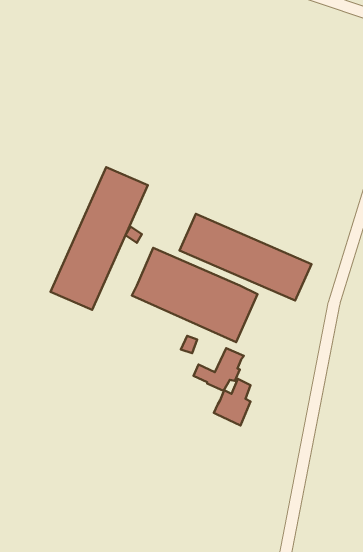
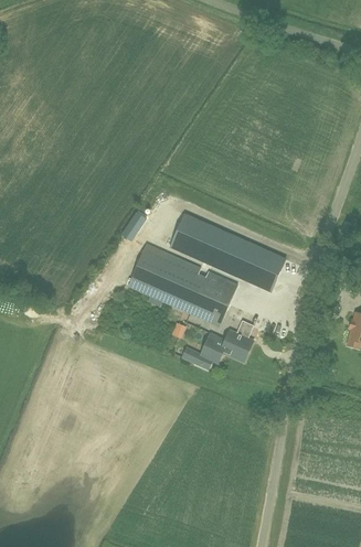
building: [51,167,148,310] -> none
building: [214,379,250,425] -> [220,319,252,360]

